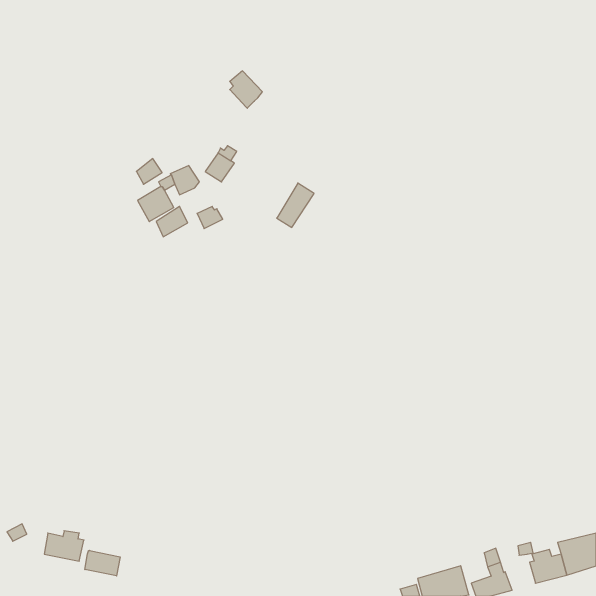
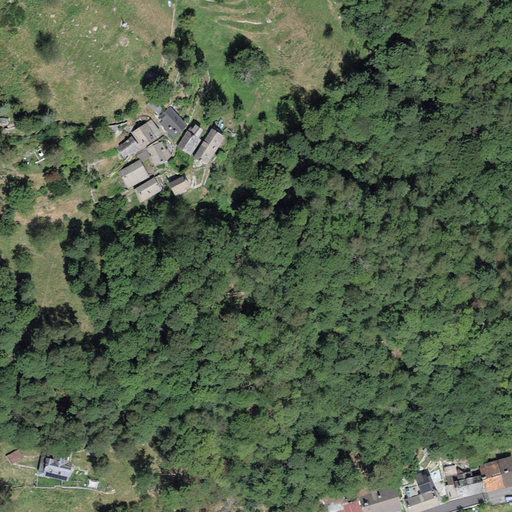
building: [230,71,262,108] -> [159,107,187,139]
building: none -> [131,119,162,149]
building: [277,183,314,227] -> [193,128,225,166]
building: [85,550,120,576] -> none

